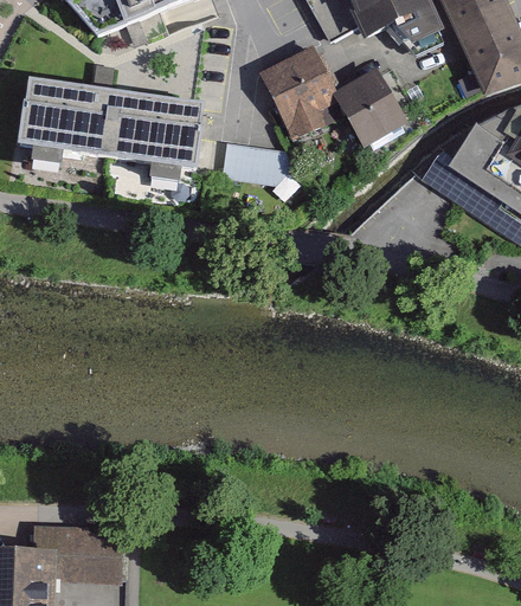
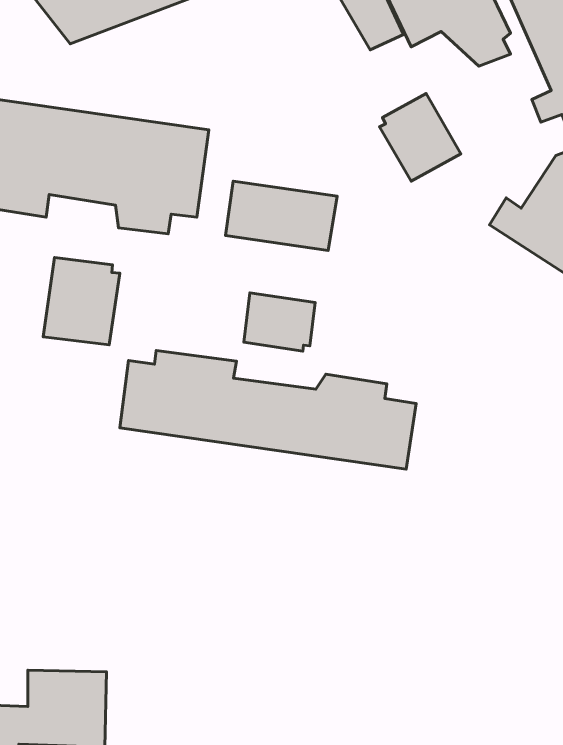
building: [259,47,343,138] -> none
building: none -> [43,257,120,345]
building: none -> [244,293,315,351]
building: none -> [120,351,416,469]

